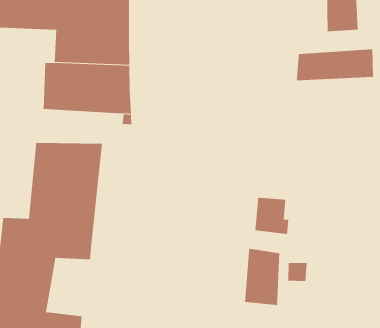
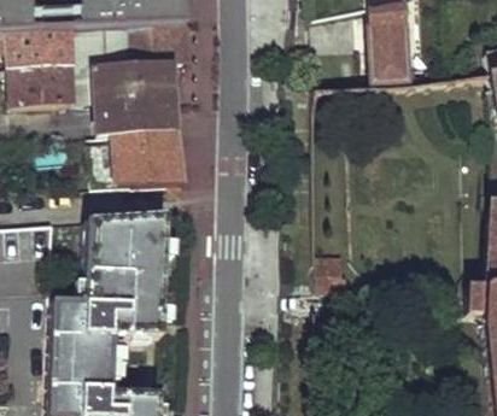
building: [296,48,374,81] -> none
building: [244,248,280,306] -> none

